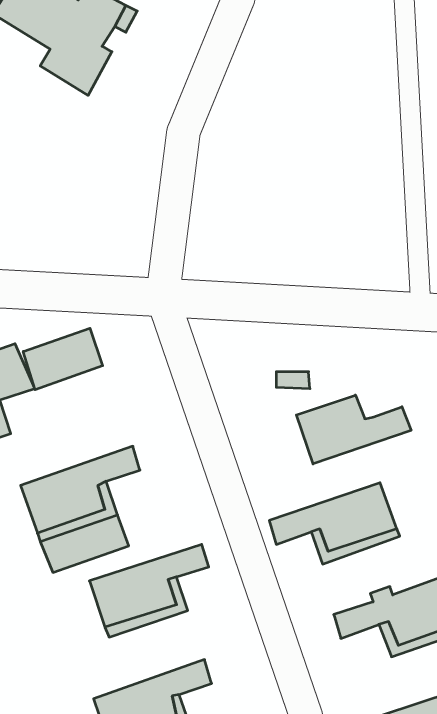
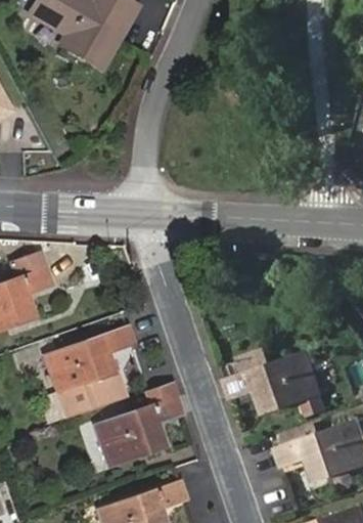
building: [23,328,103,390] -> none
building: [296,395,411,464] -> none

